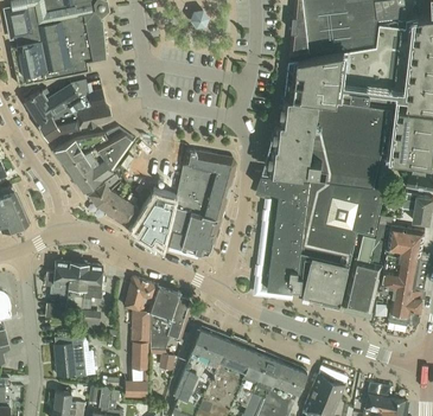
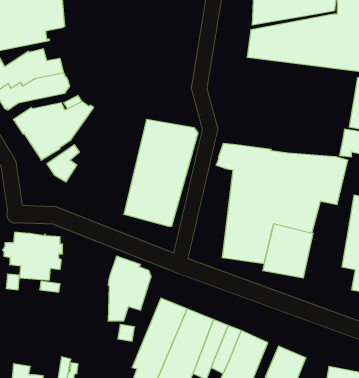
building: [265,97,391,187] -> none
building: [135,193,173,244] -> none
building: [107,196,138,224] -> none
building: [343,236,383,319] -> none
building: [123,277,157,396] -> none
building: [55,344,85,377] -> none

